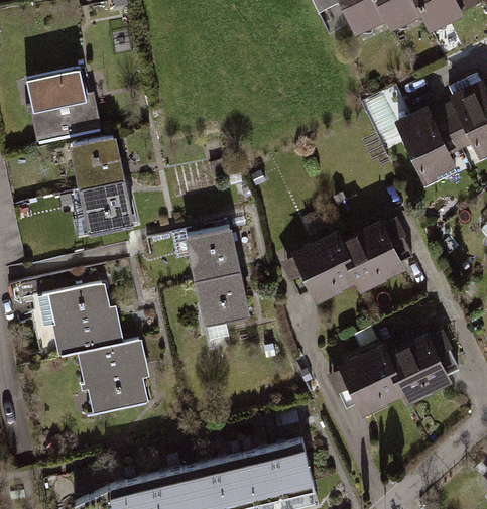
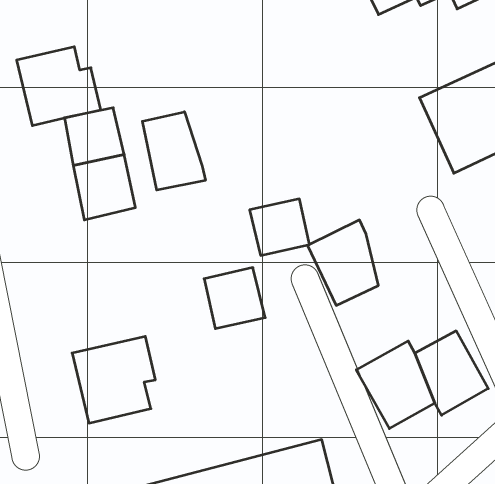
building: none -> [142,112,205,190]
building: [343,224,403,294] -> none
building: [186,231,240,282] -> [250,199,309,255]
building: [43,280,123,354] -> none

